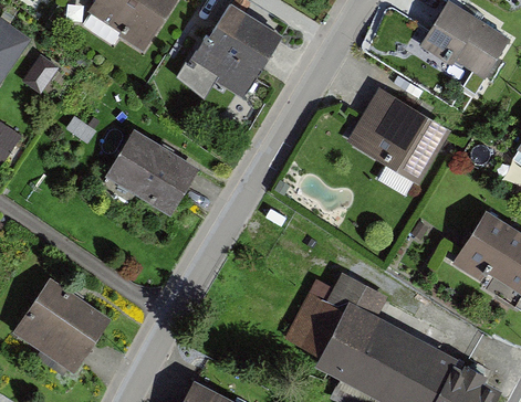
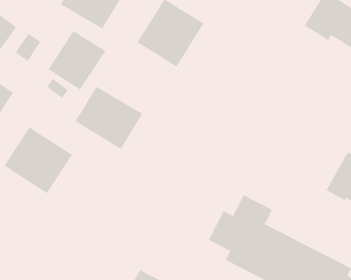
building: none -> [48,30,107,90]
building: [347,85,451,182] -> none
building: [9,279,104,372] -> [3,126,73,194]

